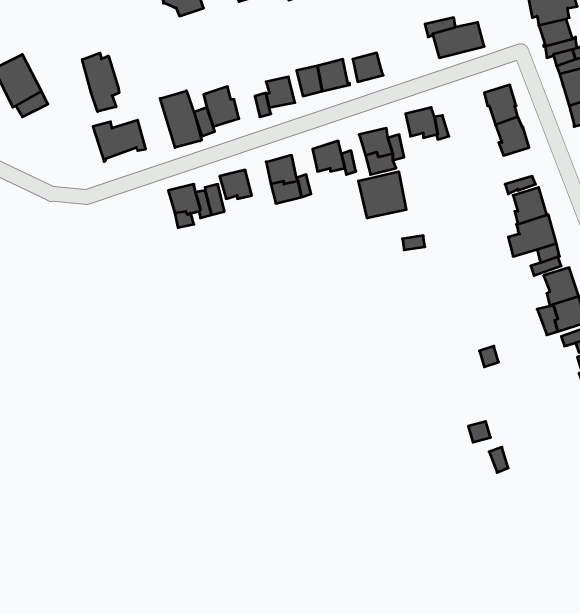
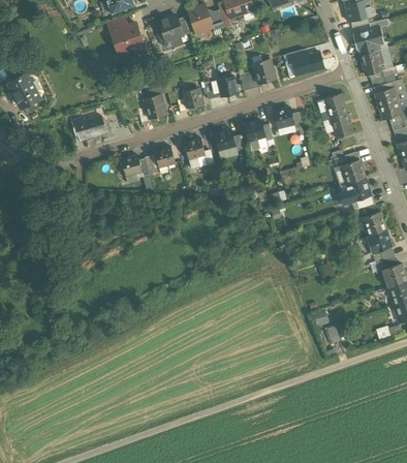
building: none -> [253,58,276,83]
building: [82,53,119,112] -> none
building: [160,91,202,148] -> none
building: [358,172,406,218] -> none

